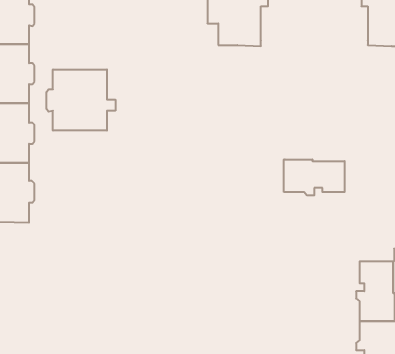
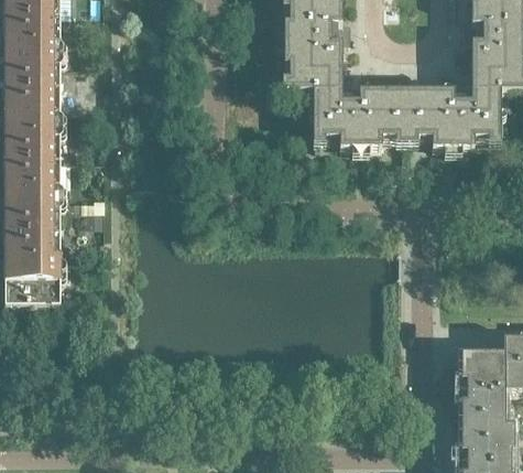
building: none -> [312,83,499,147]
building: [46,69,115,131] -> none
building: [284,159,345,195] -> none

